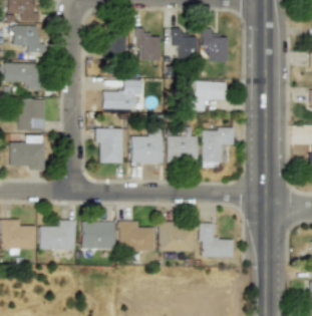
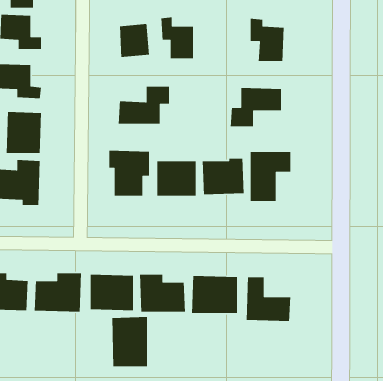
building: [171,28,198,59] -> none
building: none -> [111,316,148,367]

